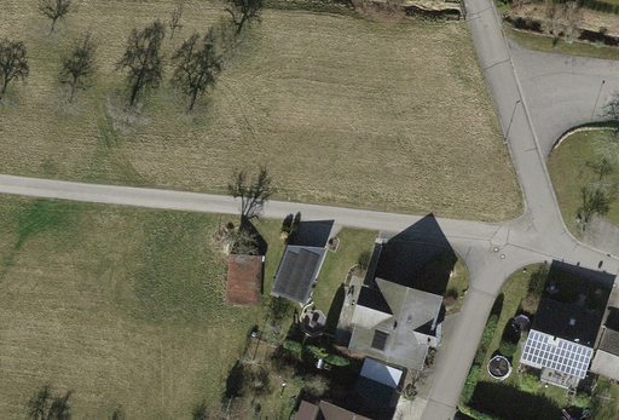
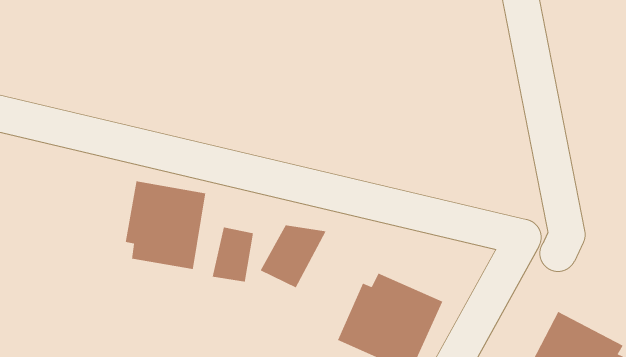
building: none -> [125,181,206,270]

